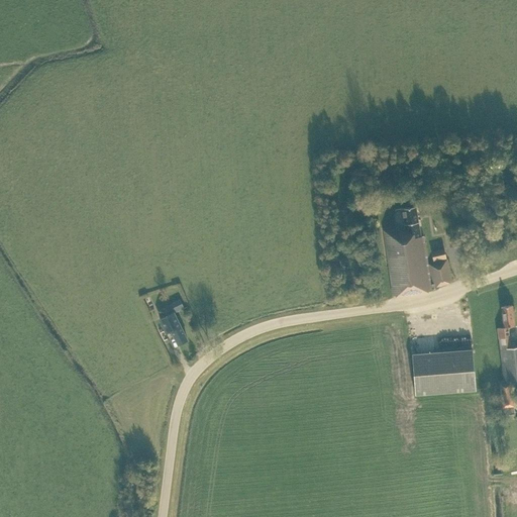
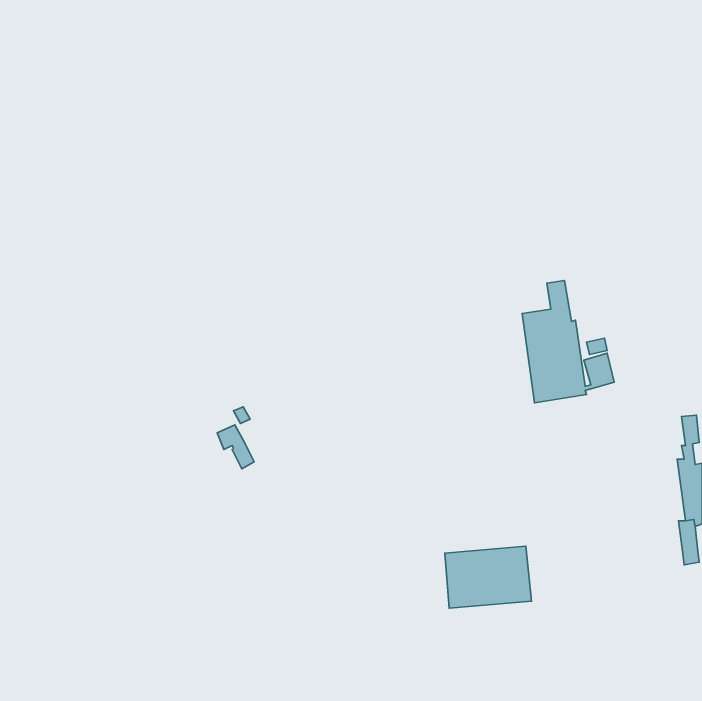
building: [412,348,476,394] -> [445,546,531,608]

